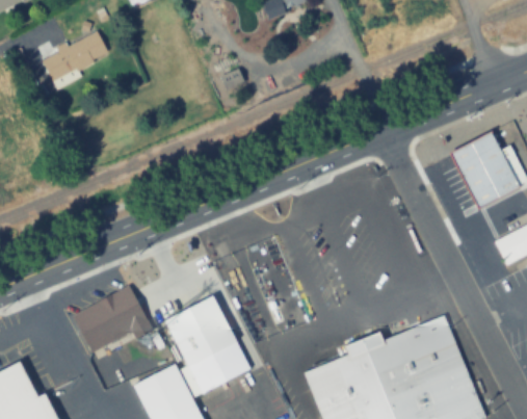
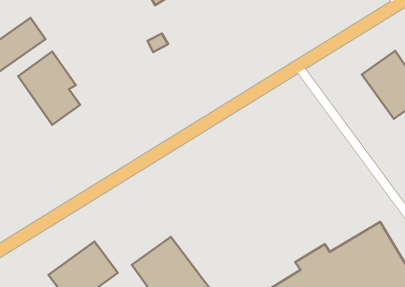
building: none -> [18,51,80,125]

